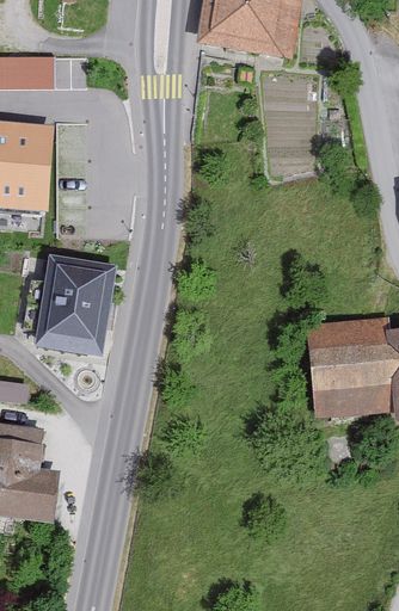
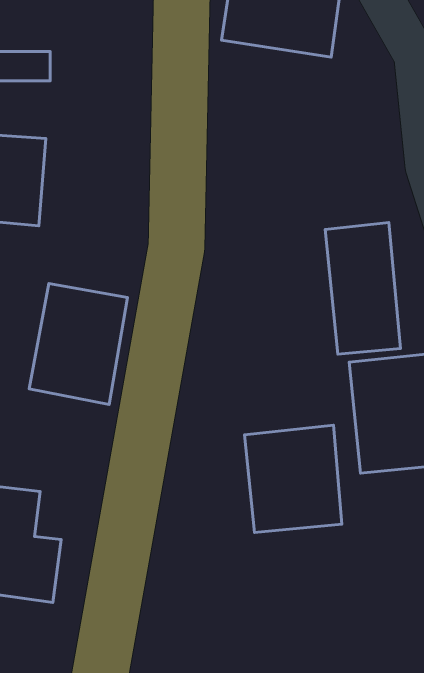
building: none -> [325,222,400,354]
building: none -> [245,425,342,533]

